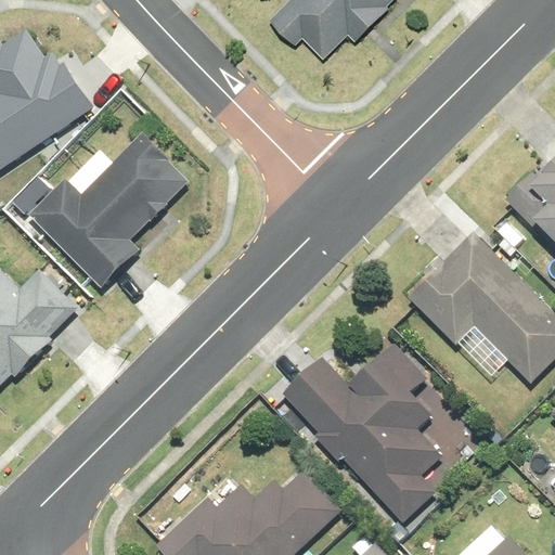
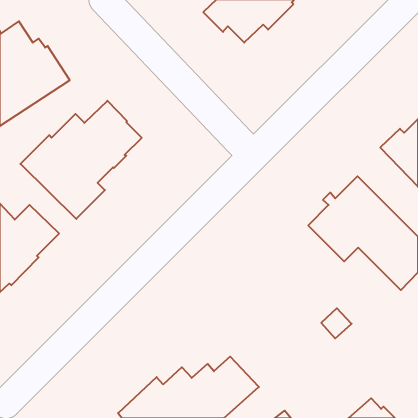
building: [282,345,442,525] -> none

